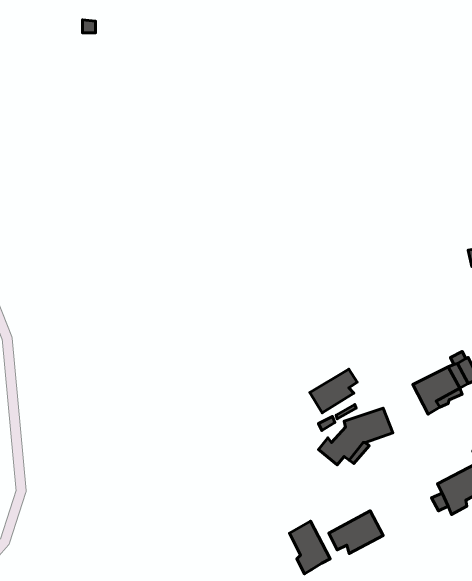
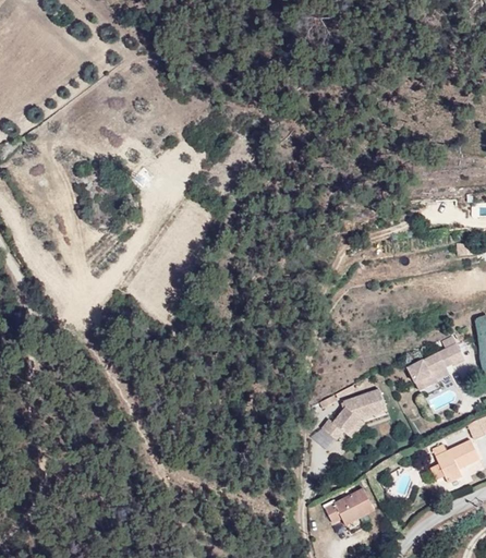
building: [310,369,357,413] -> none
building: [289,521,330,574] -> none

